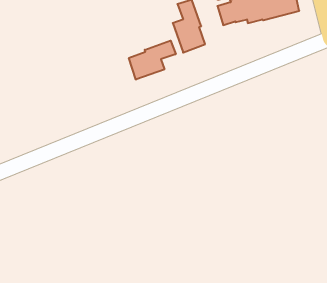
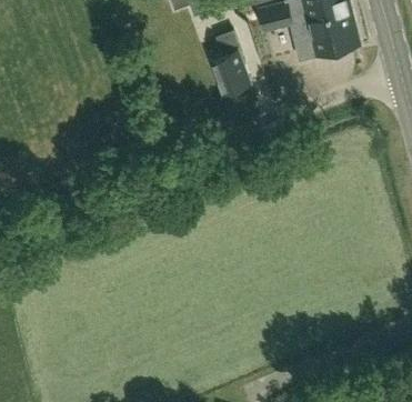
building: [129,41,176,80] -> none

